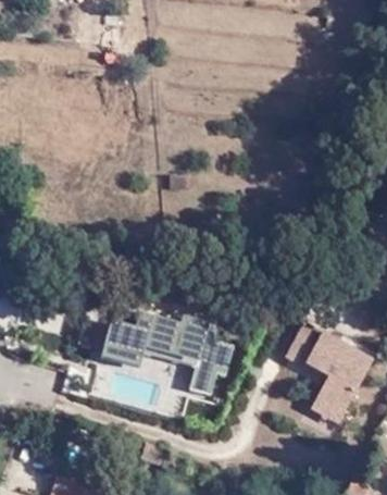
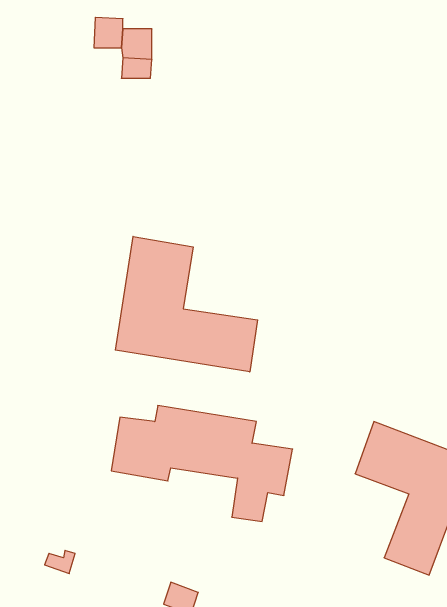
building: none -> [115,236,258,372]

